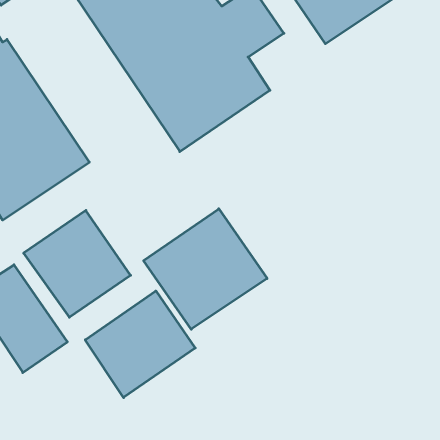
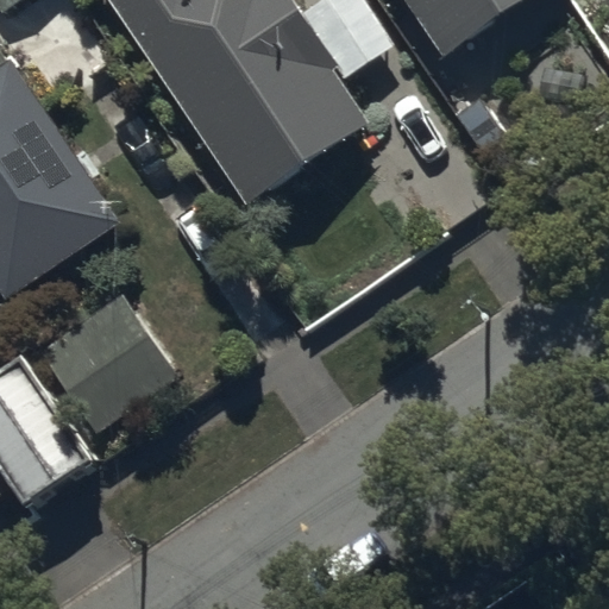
building: [144,209,267,329] -> none
building: [85,291,195,398] -> none

